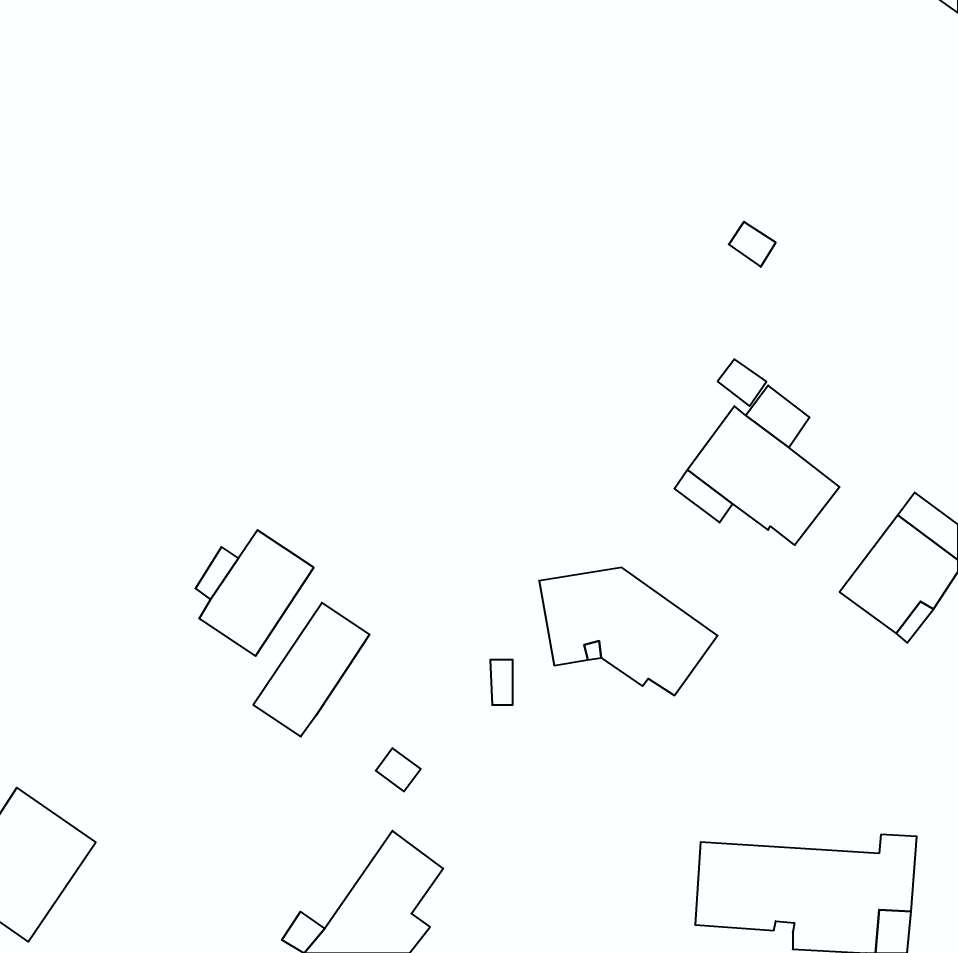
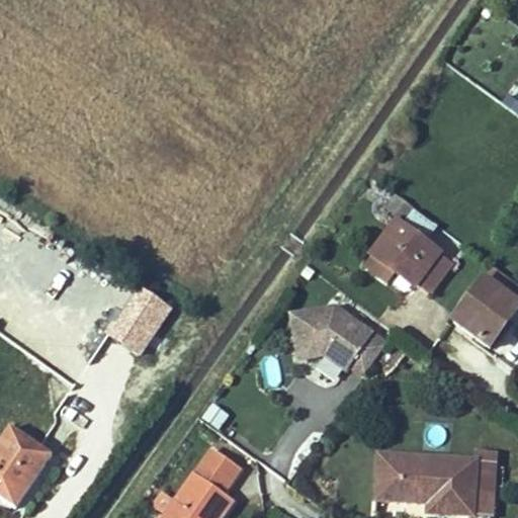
building: [253,603,370,737] -> none

